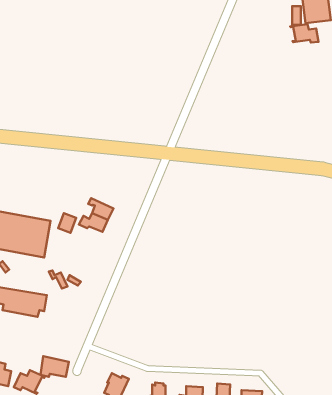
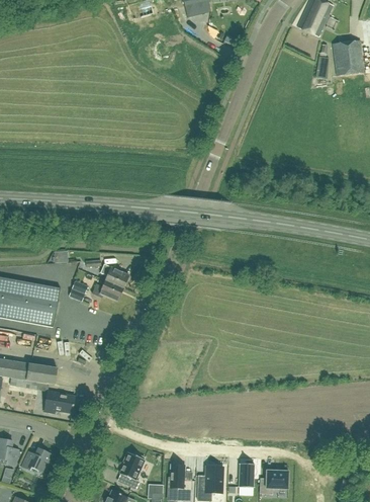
building: [290,24,318,43] -> none
building: [40,356,69,377] -> [43,391,74,413]

